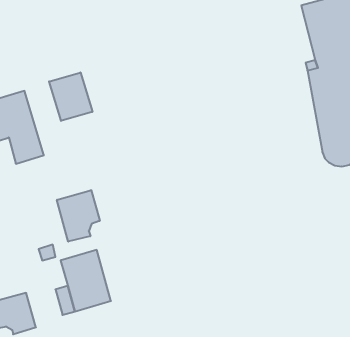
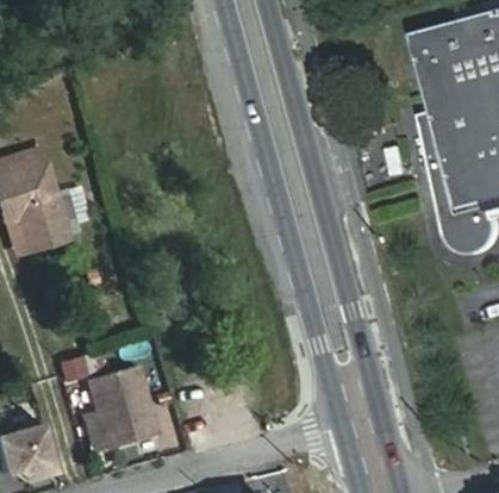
building: [49,72,92,121] -> none
building: [57,190,100,242] -> none

